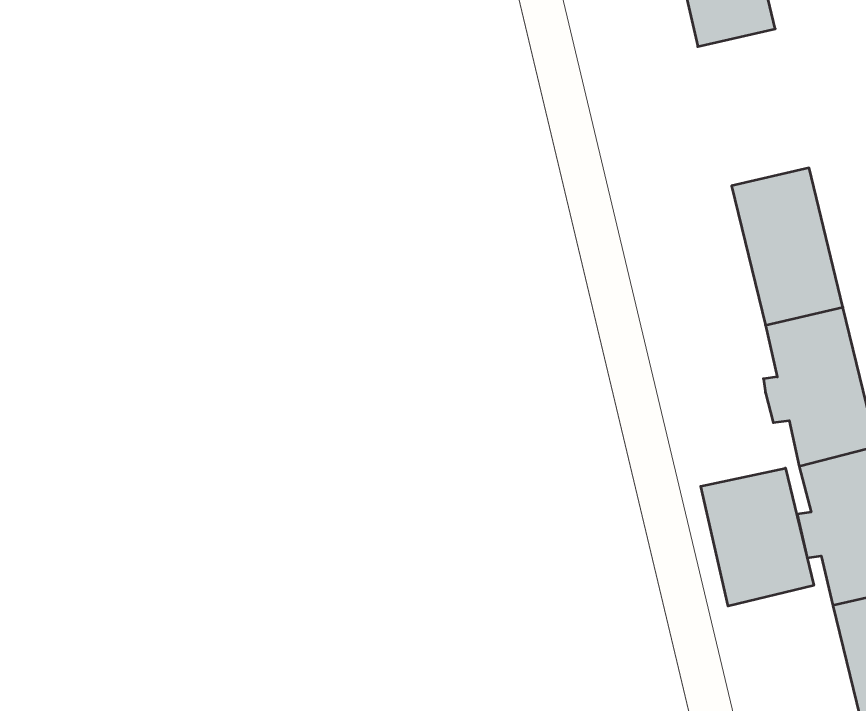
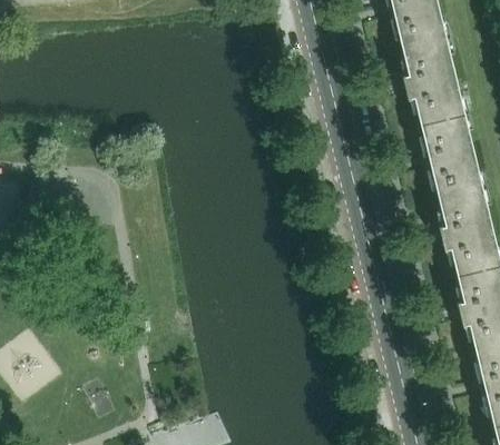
building: none -> [400,29,462,117]
building: [701,468,814,606] -> none

